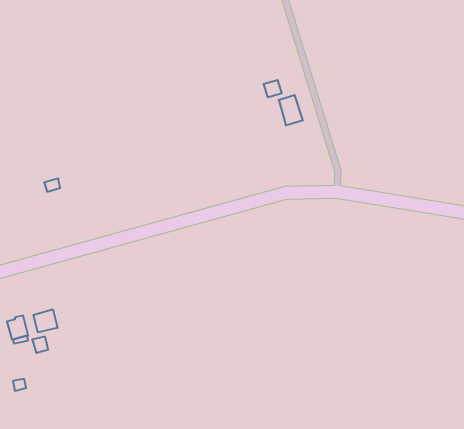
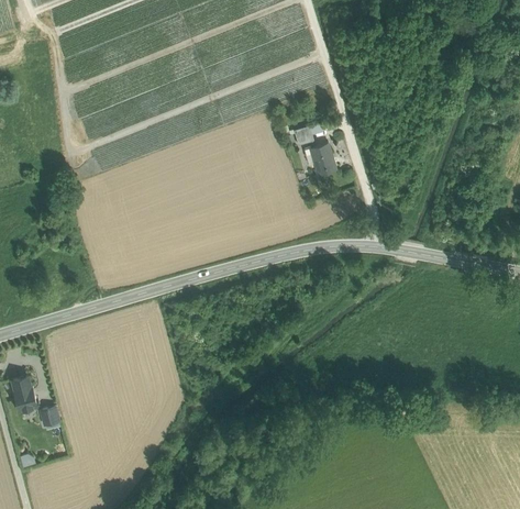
building: [33,309,58,332] -> none

